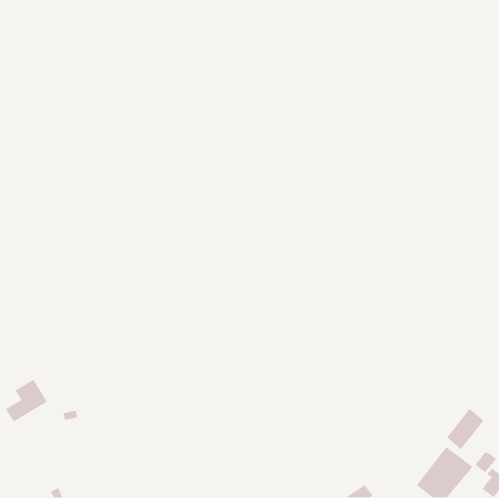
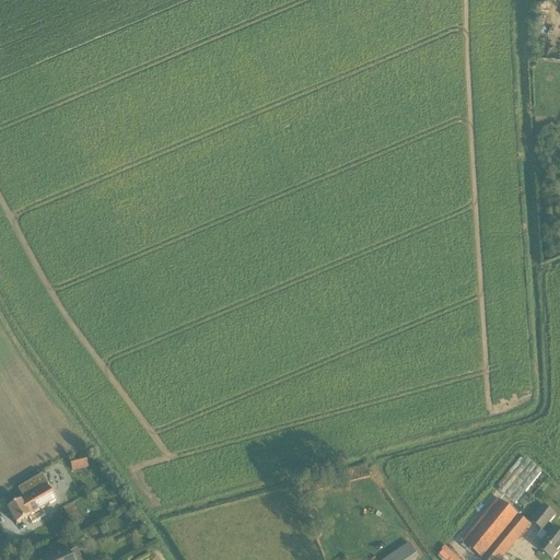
building: [5,378,48,422] -> [8,474,56,523]

